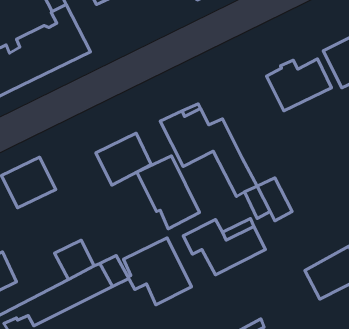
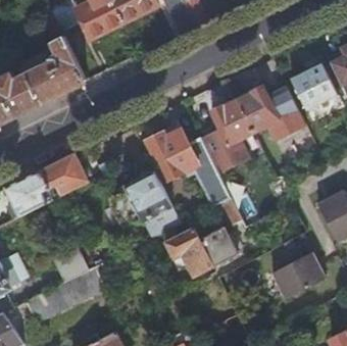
building: none -> [201,100,255,172]
building: [96,133,151,185] -> [40,154,89,200]
building: [124,238,192,305] -> none

